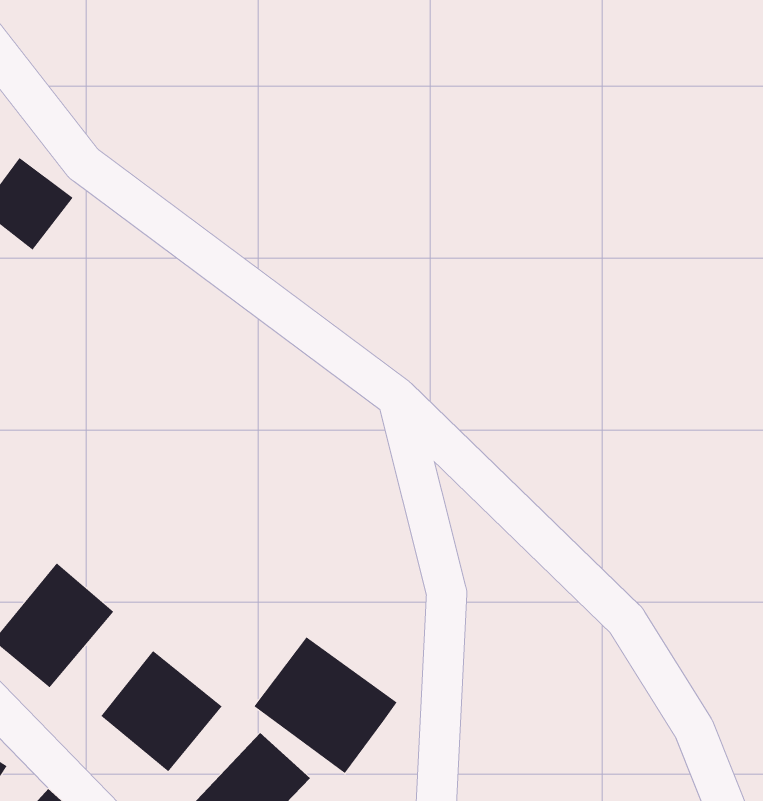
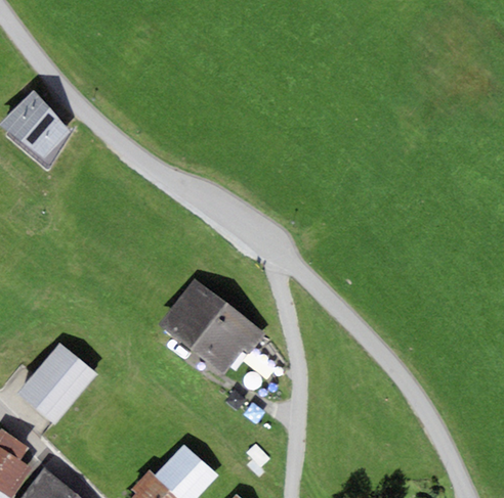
building: [254,636,398,774] -> [170,286,257,369]
building: [100,650,223,772] -> none

